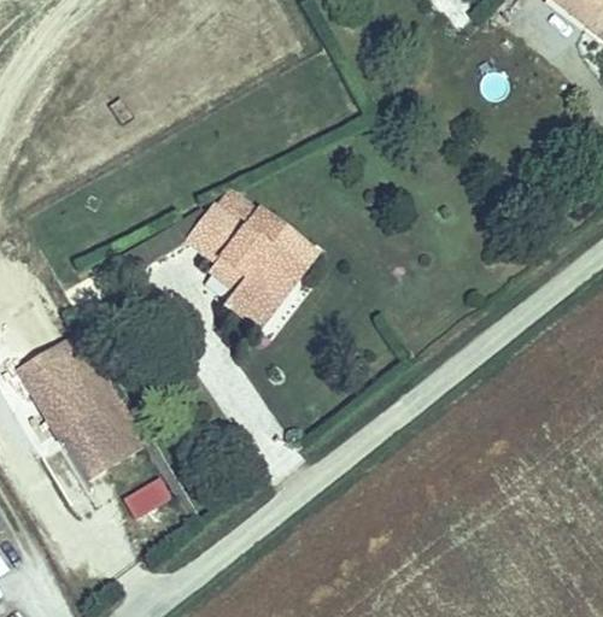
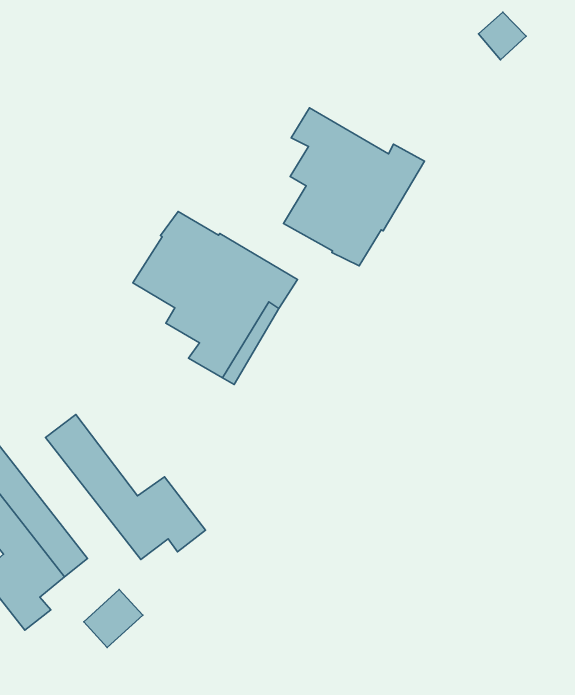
building: none -> [284,108,425,266]
building: none -> [46,415,206,559]

